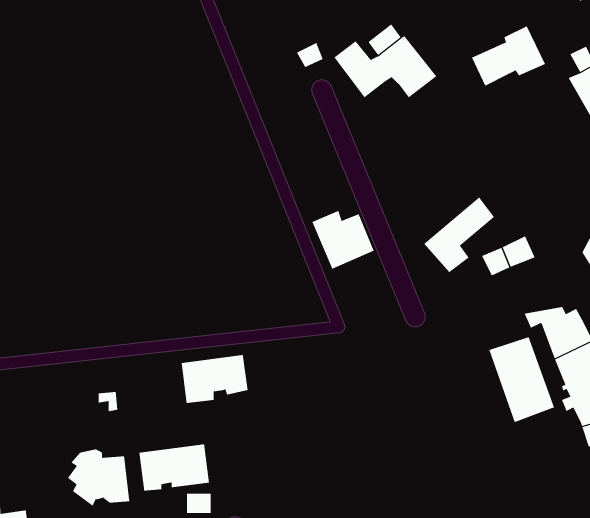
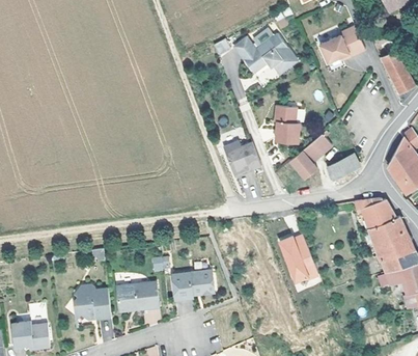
building: none -> [275,103,301,140]
building: [489,336,555,423] -> [279,234,319,286]
building: [181,354,249,404] -> [172,269,214,299]

